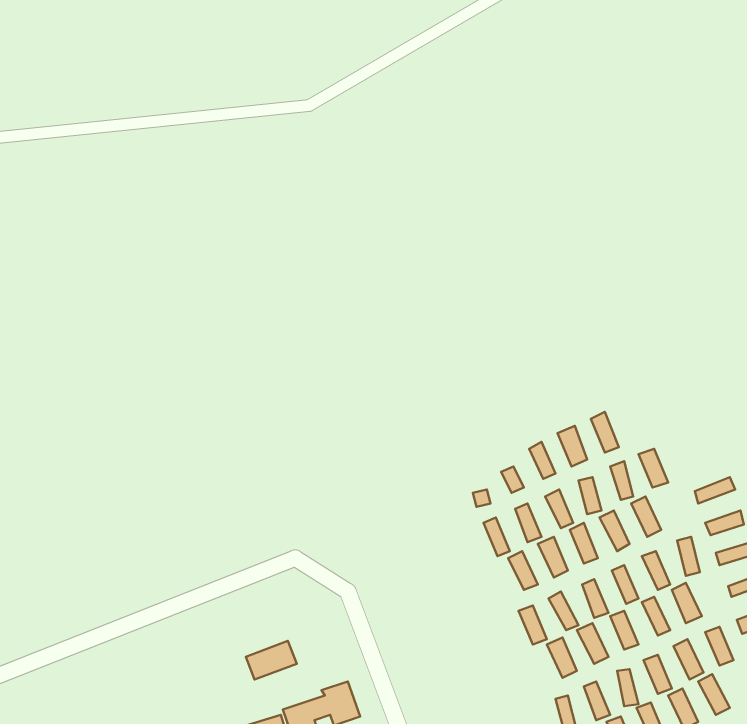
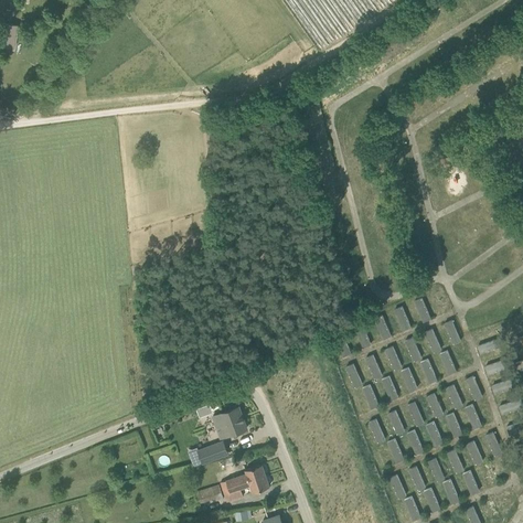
building: none -> [214,407,246,439]

